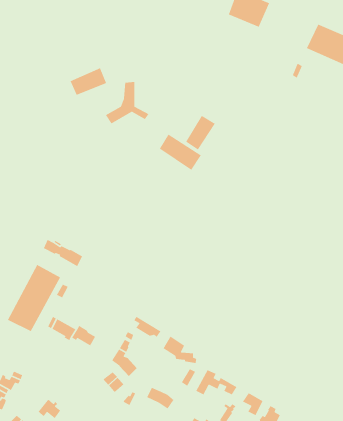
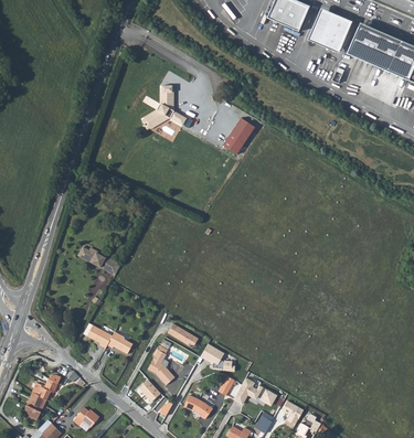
building: none -> [307,8,351,53]
building: [69,67,107,96] -> none
building: [159,133,202,171] -> none
building: [7,264,61,332] -> none

